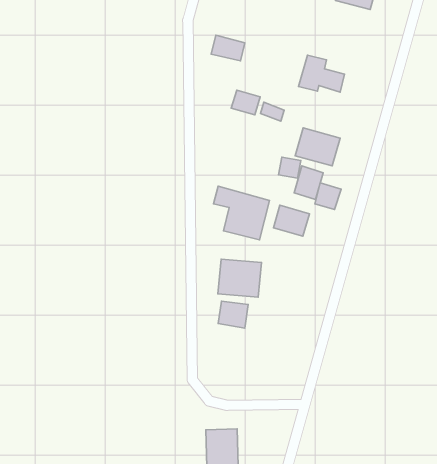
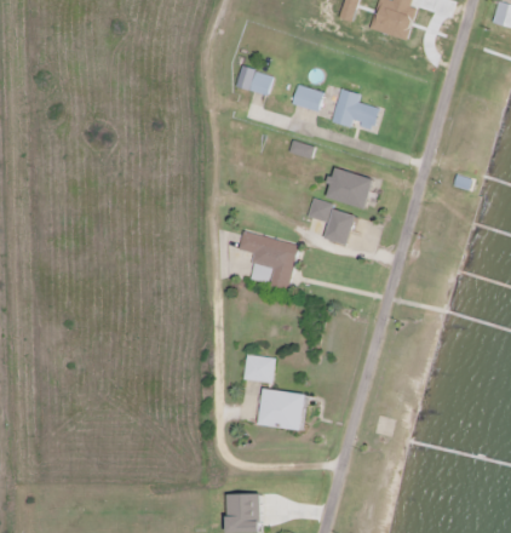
building: [231,90,260,115] -> [291,85,322,111]
building: [315,183,341,210] -> none
building: [273,205,309,236] -> none
building: [218,259,261,297] -> [260,389,308,430]

